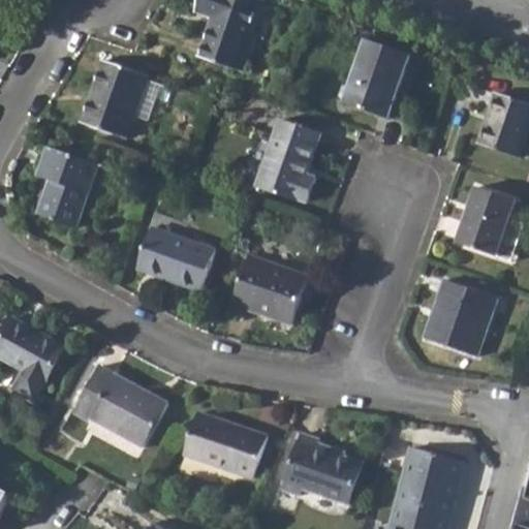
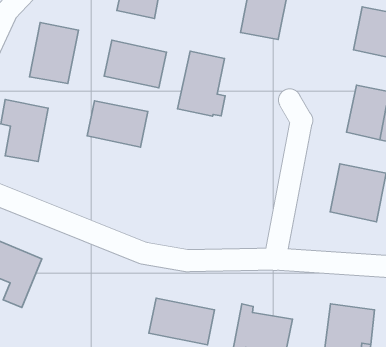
building: none -> [104,40,166,88]
building: [137,227,215,291] -> [87,101,148,147]
building: [231,255,308,324] -> none
building: [74,365,166,447] -> none

